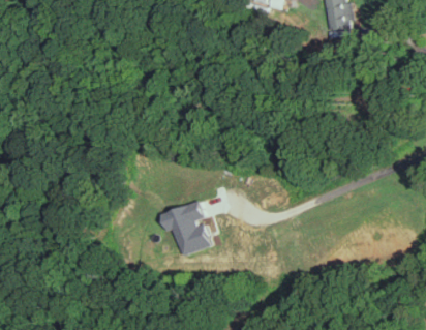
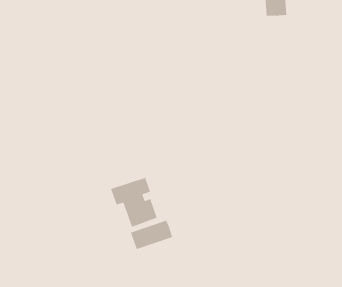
building: none -> [130,220,173,250]

